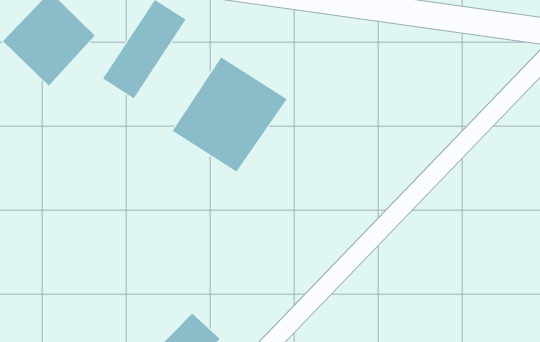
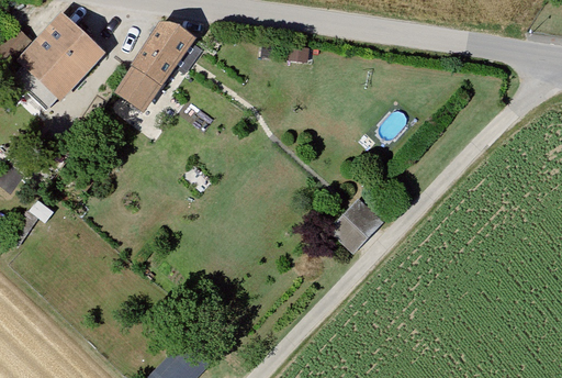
building: [172,56,287,173] -> none
building: none -> [328,194,384,252]

